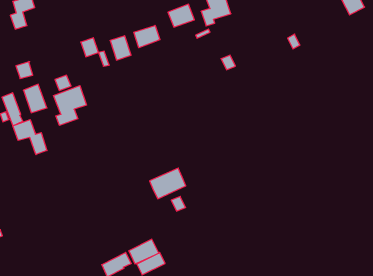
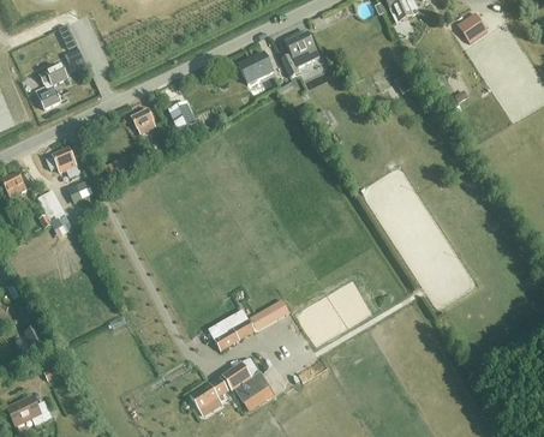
building: [134,25,160,48] -> none
building: [54,86,86,125] -> none
building: [13,120,47,155] -> none
building: [150,168,186,199] -> [208,309,255,351]

